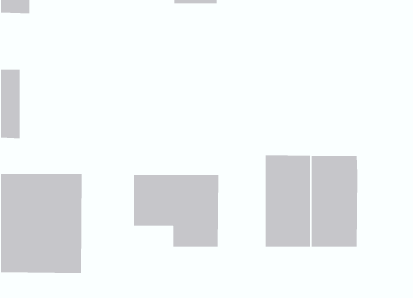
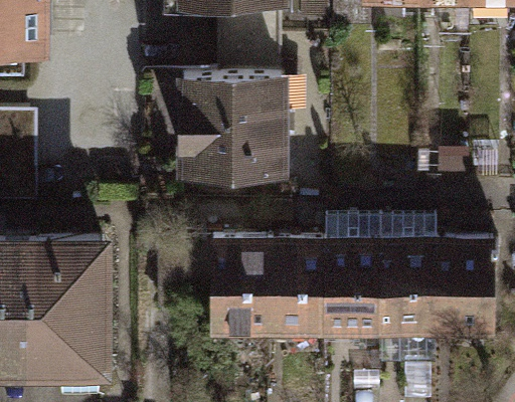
building: none -> [176,37,275,169]
building: none -> [275,246,332,337]
building: none -> [446,246,502,338]

